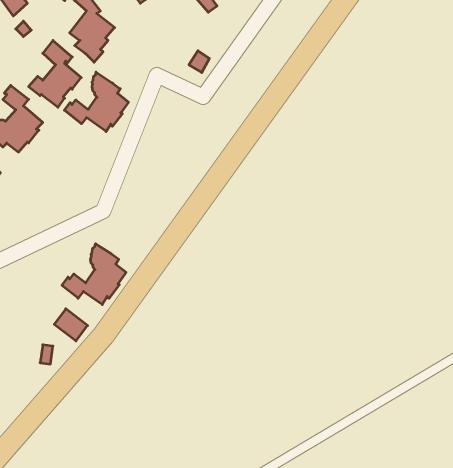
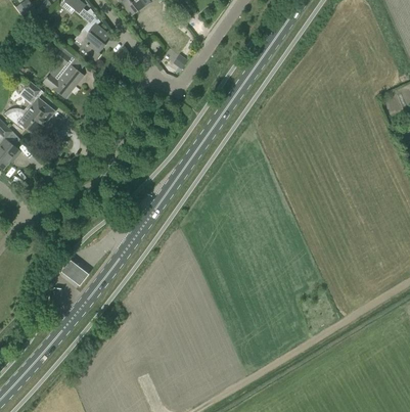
building: [64,72,128,132] -> none
building: [62,244,126,305] -> none

